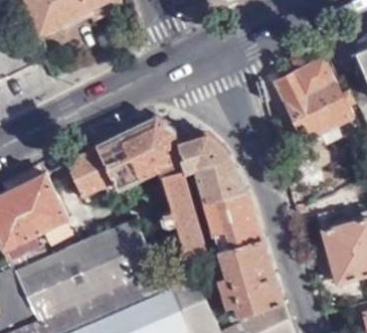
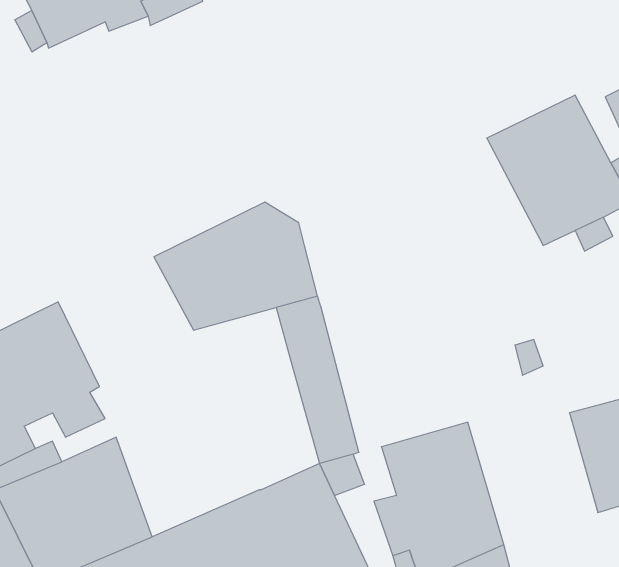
building: [177,133,264,247] -> none
building: [63,146,118,193] -> none
building: [76,217,153,296] -> none

